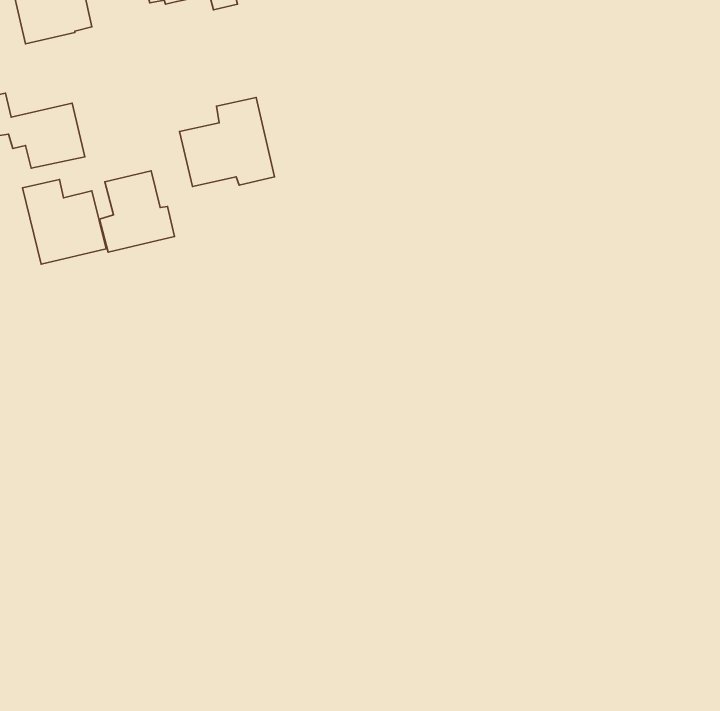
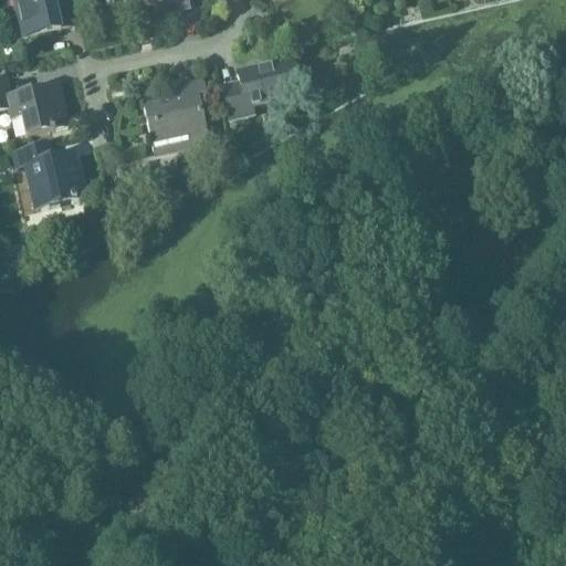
building: none -> [220,59,297,116]
building: [100,171,175,252] -> none

